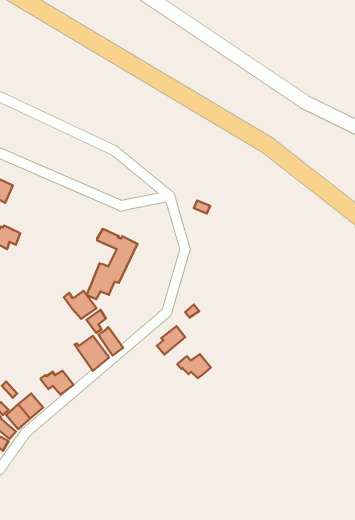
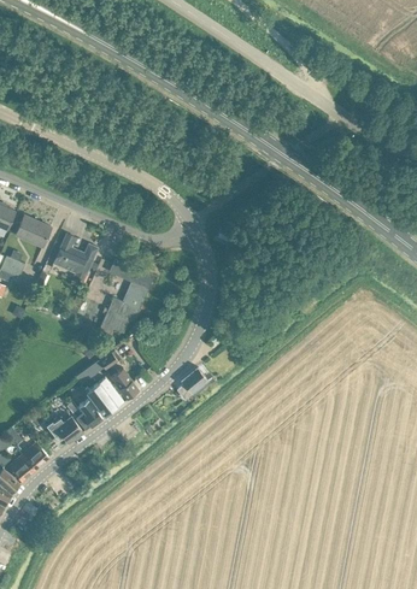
building: none -> [16,216,51,247]
building: none -> [53,234,98,284]
building: [64,291,96,319] -> [66,399,102,430]
building: [178,354,211,378] -> none

